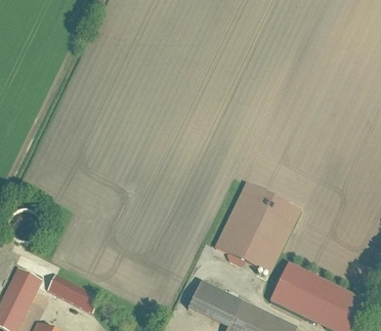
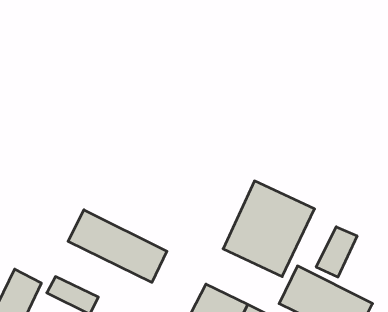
building: none -> [68,210,167,282]
building: none -> [316,227,357,277]

